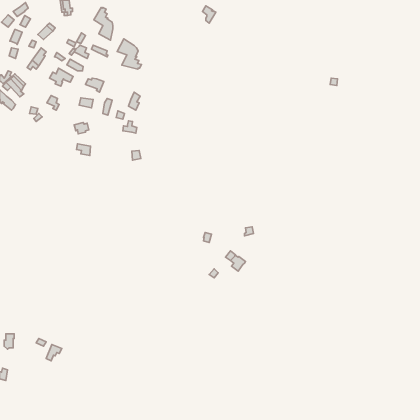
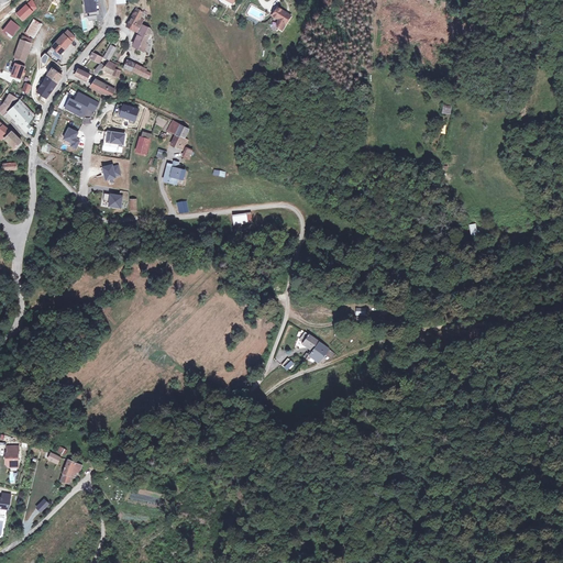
building: [117,39,142,69] -> none

